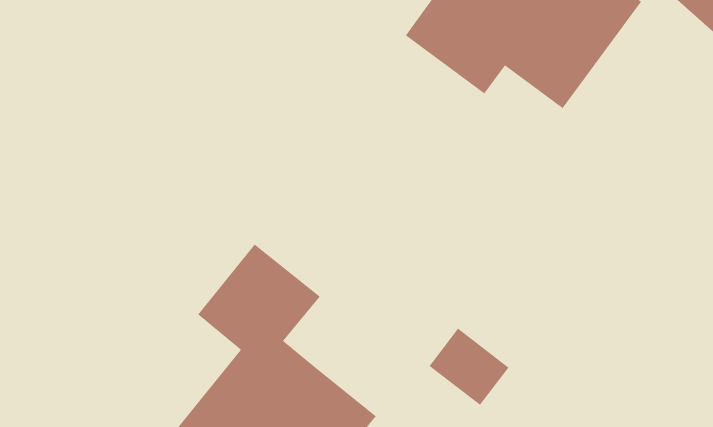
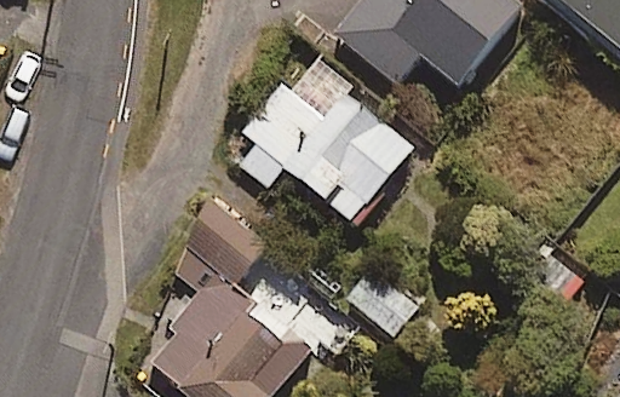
building: none -> [241,74,413,219]

